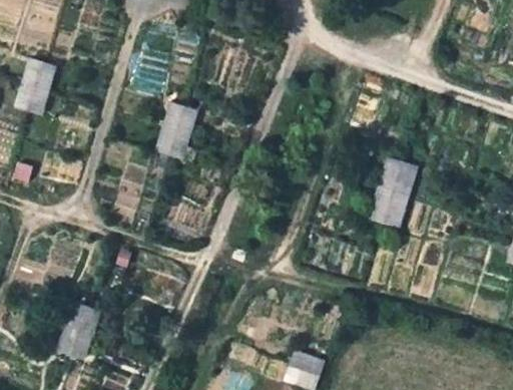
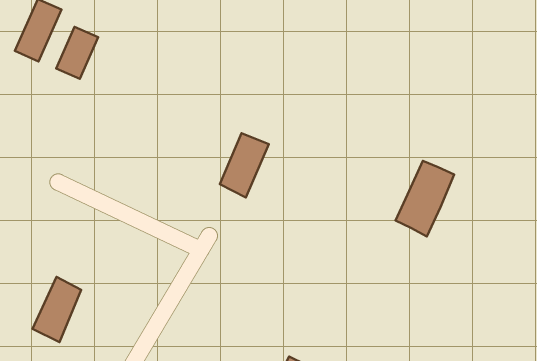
building: none -> [56,27,98,79]
building: [156,101,195,157] -> [220,133,269,197]

